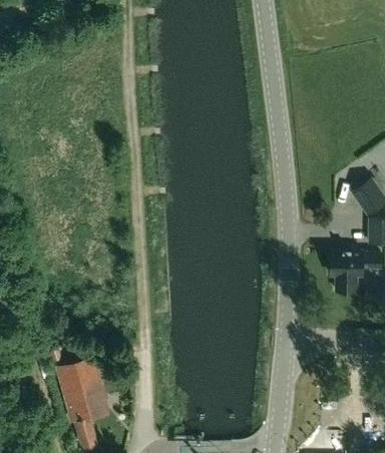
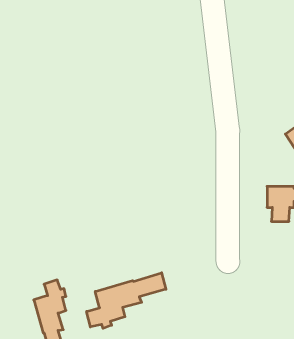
building: none -> [87,273,166,328]

